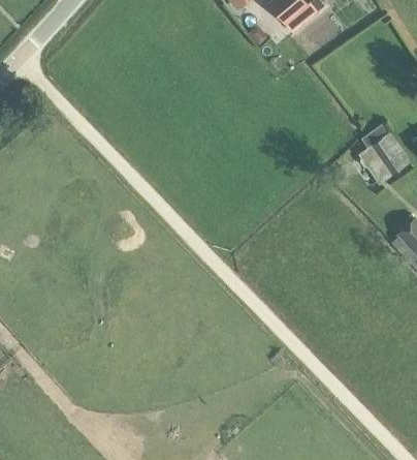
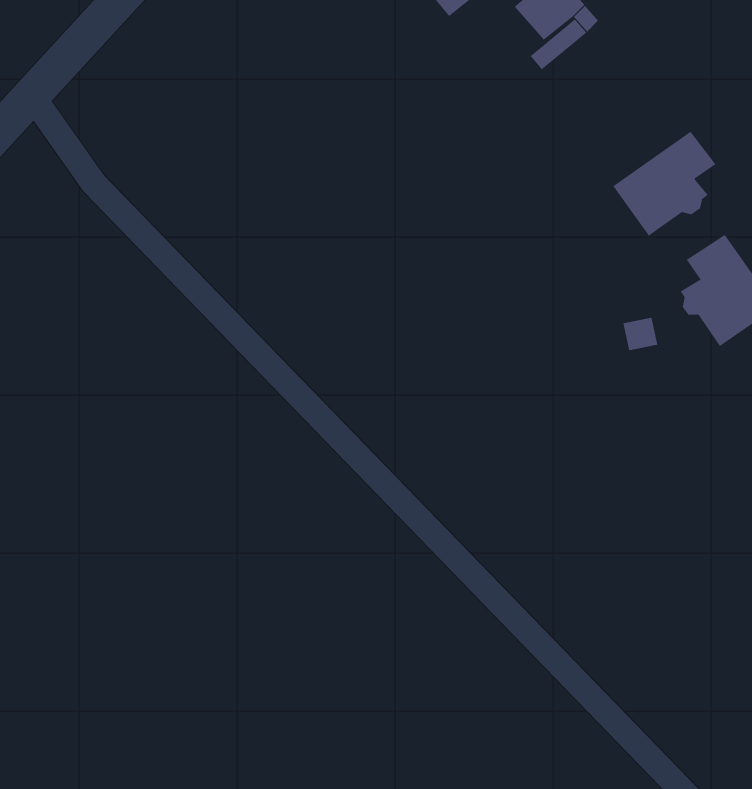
building: none -> [612,131,716,237]

